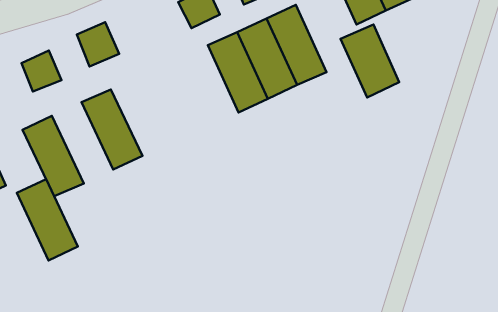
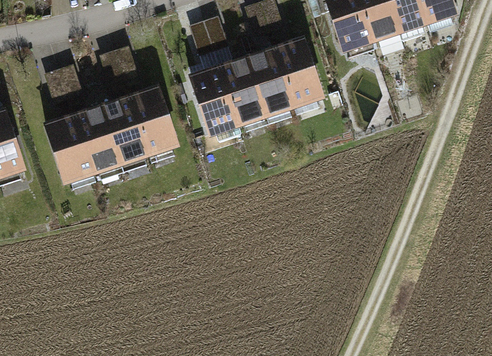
building: [341,24,399,97] -> none
building: none -> [188,69,237,140]
building: none -> [126,91,176,162]
building: [17,179,78,260] -> [72,110,122,182]

